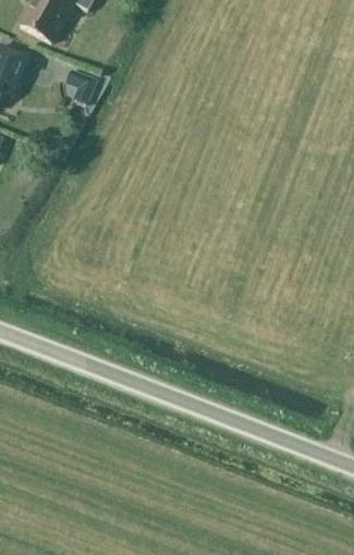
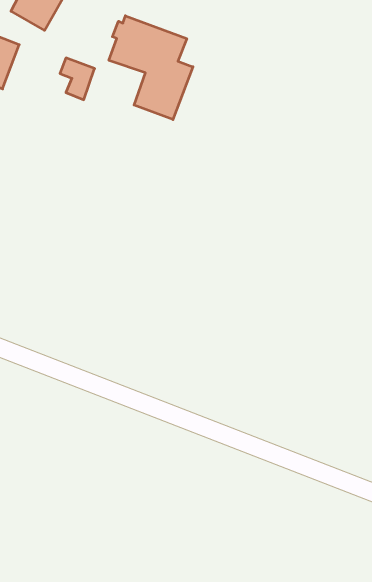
building: none -> [109,16,193,120]

